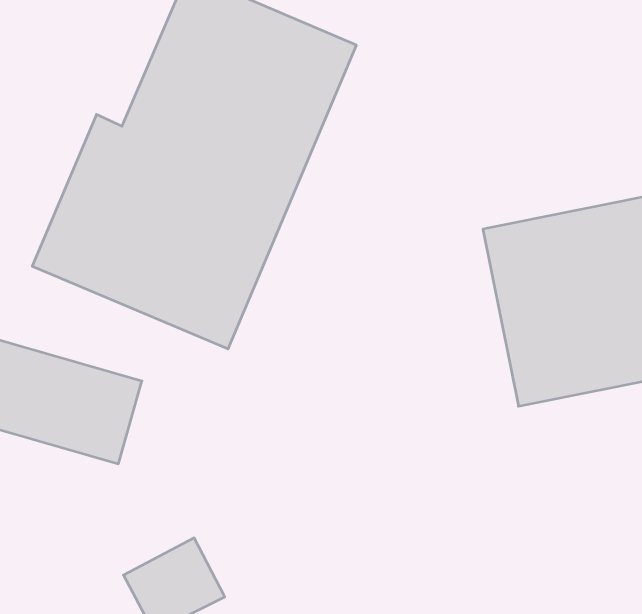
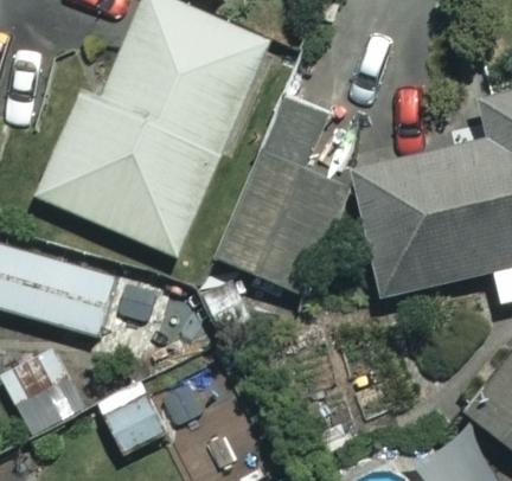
building: none -> [219,103,353,296]

